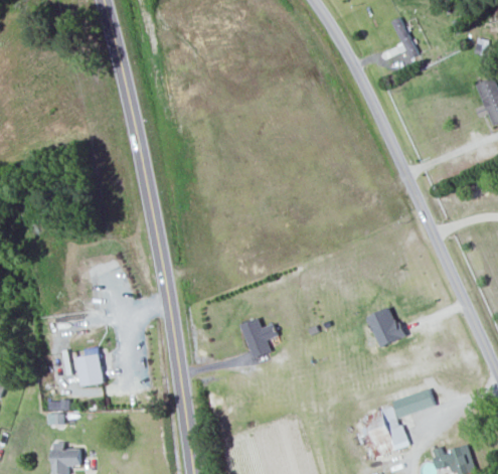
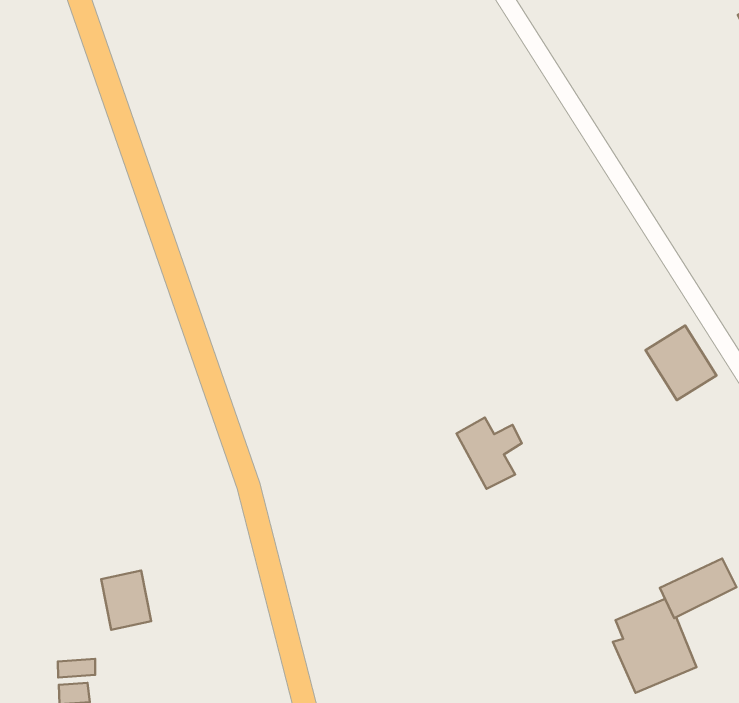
building: [366,306,404,347] -> [645,326,717,400]
building: [240,317,277,357] -> [456,418,522,489]

